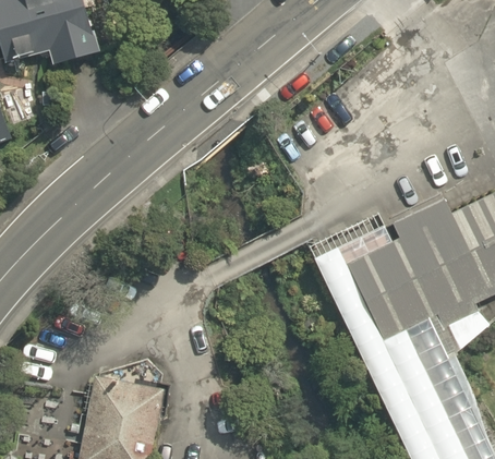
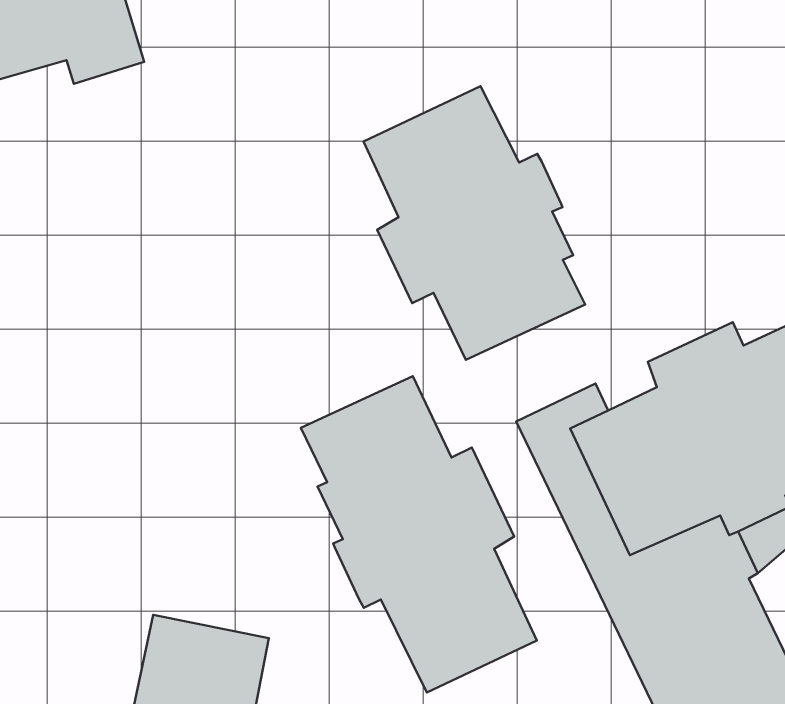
building: none -> [364,86,585,360]
building: none -> [301,376,537,692]

